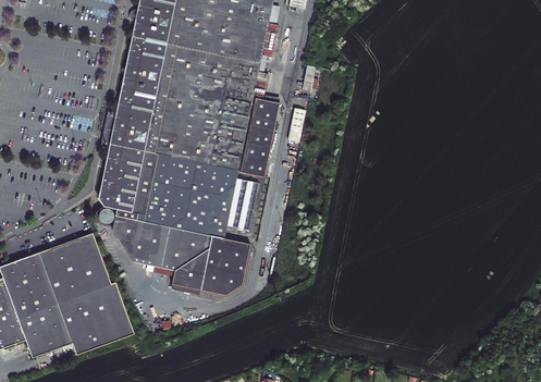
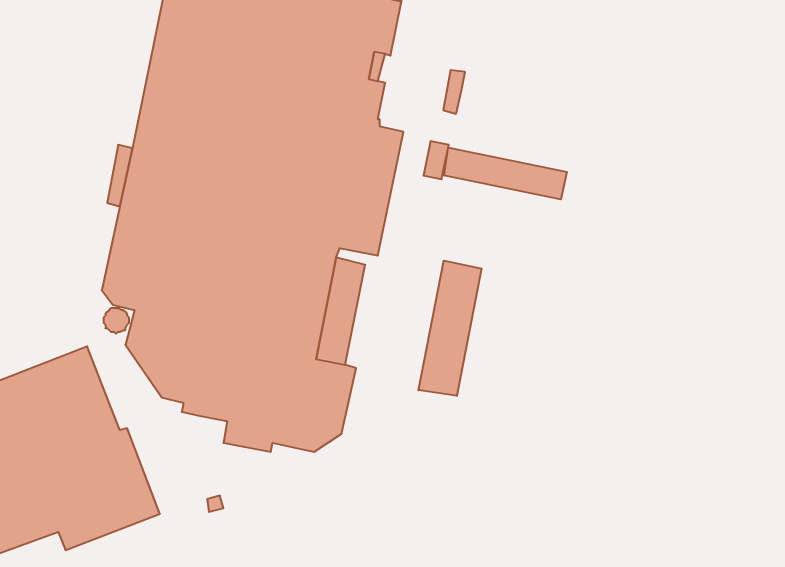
building: none -> [444,147,567,199]
building: none -> [418,261,481,396]

